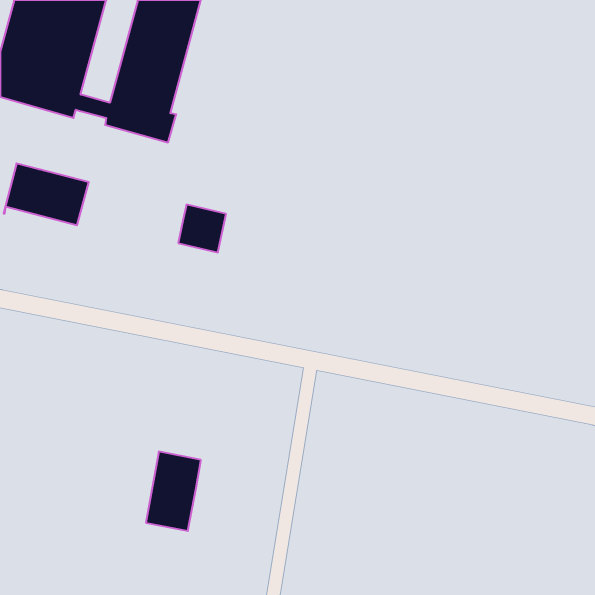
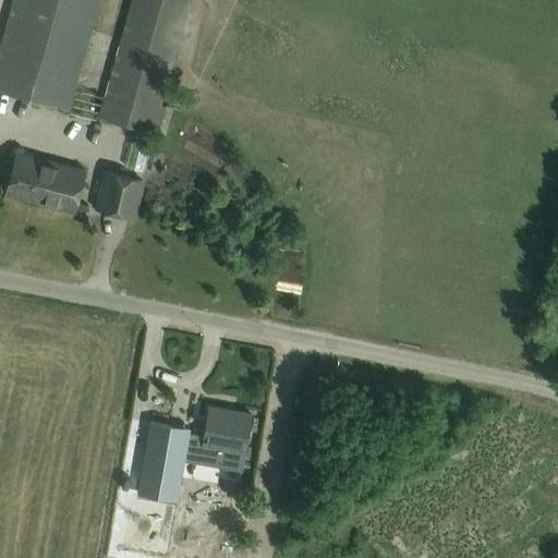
building: [178,205,226,252] -> [97,172,142,217]
building: none -> [184,410,250,468]

